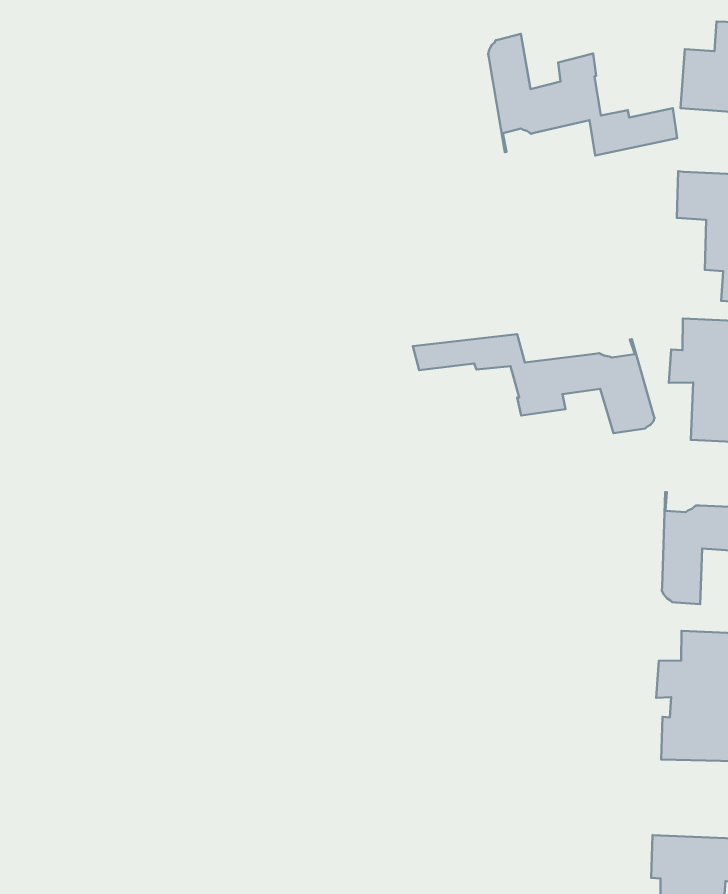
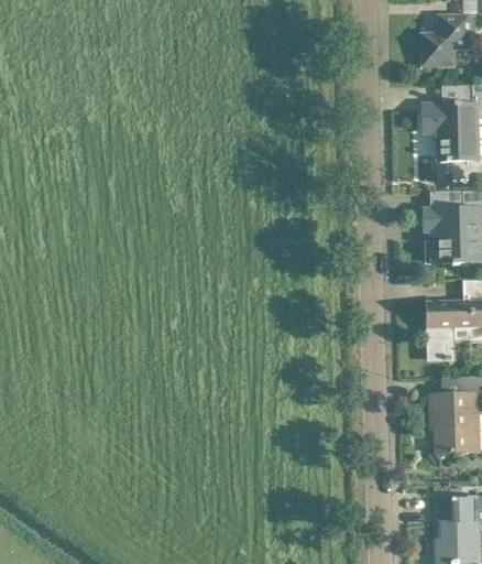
building: [488,34,677,156] -> none
building: [413,334,655,433] -> none

